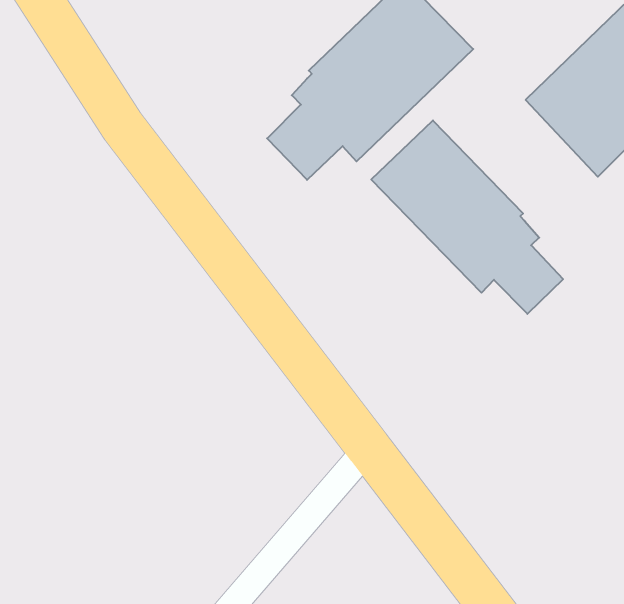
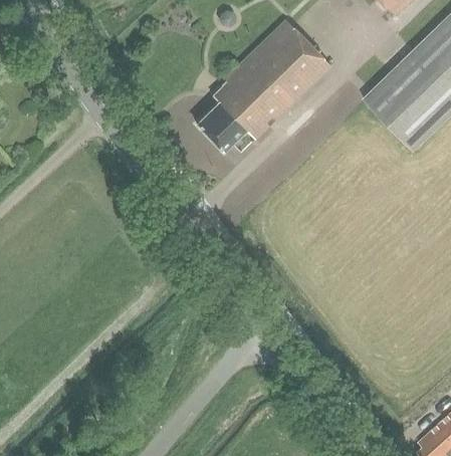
building: [371,120,563,314] -> none

